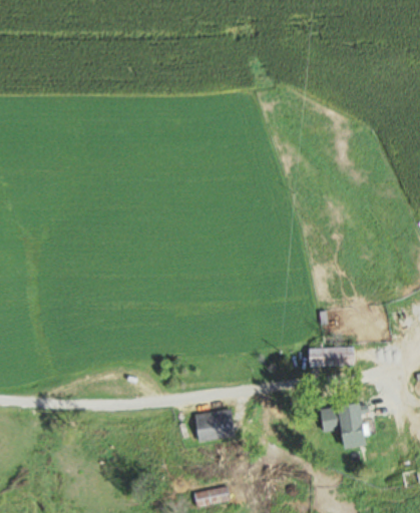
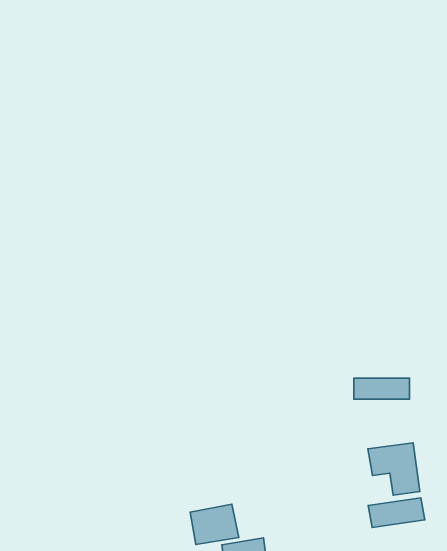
building: [194,409,237,444] -> [190,504,239,545]
building: none -> [368,498,425,527]

